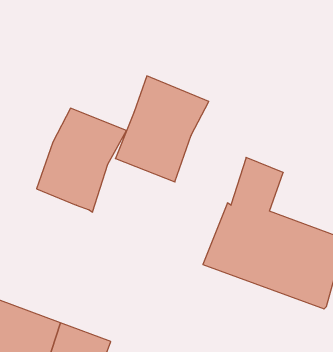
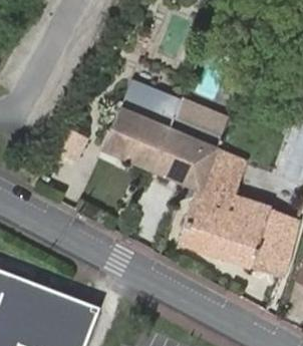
building: [37,108,126,212] -> [153,100,230,190]

